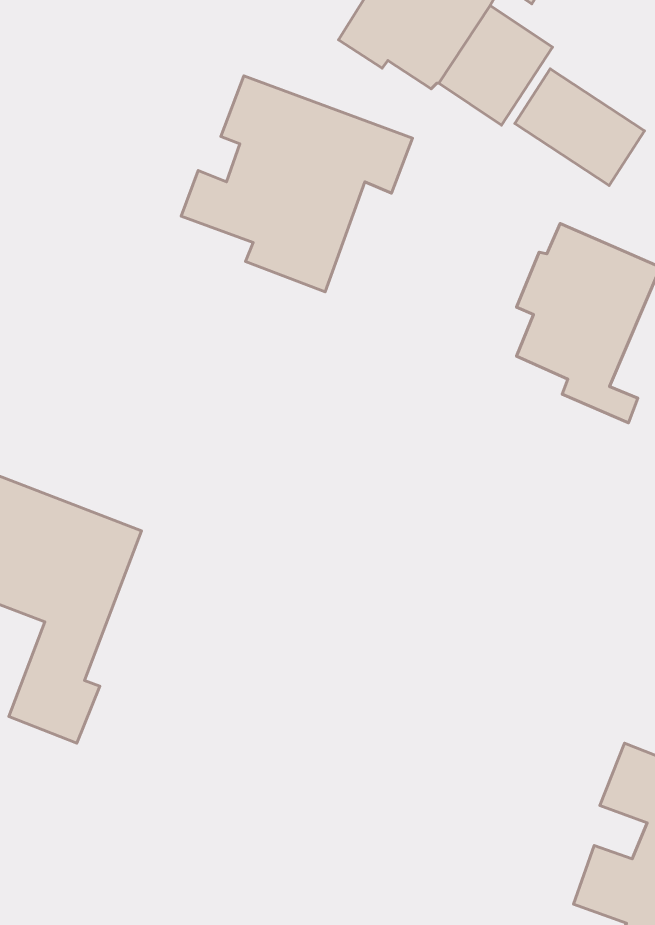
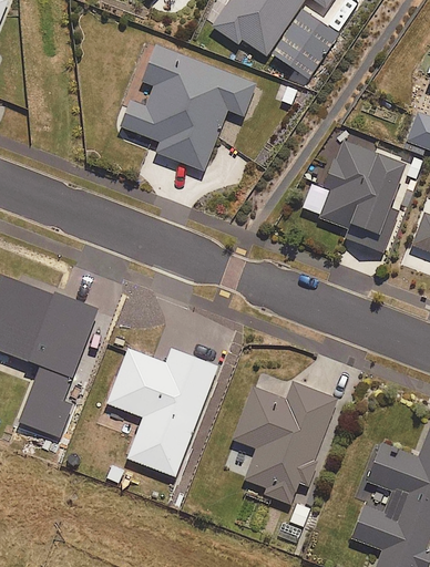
building: [515,69,644,186] -> none
building: none -> [108,343,219,474]
building: none -> [236,381,336,502]

